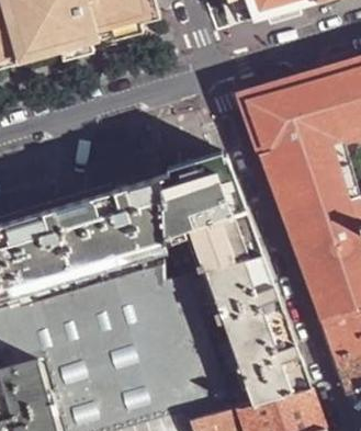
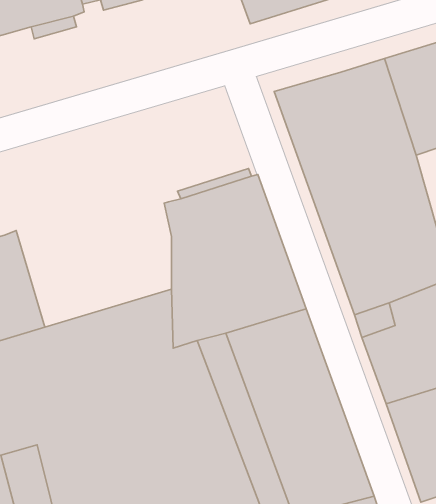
building: [50,163,163,265] -> none

